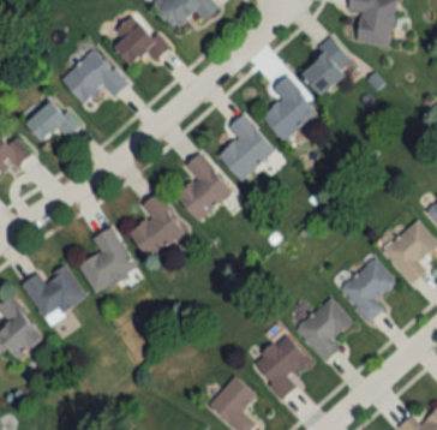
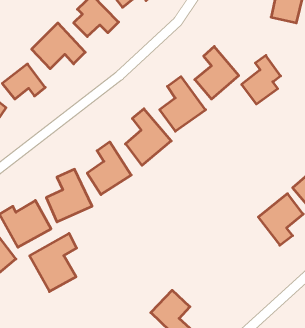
building: [301,35,349,95] -> [242,55,281,104]
building: [295,298,351,362] -> none
building: none -> [30,233,77,292]
building: [251,334,309,399] -> none

